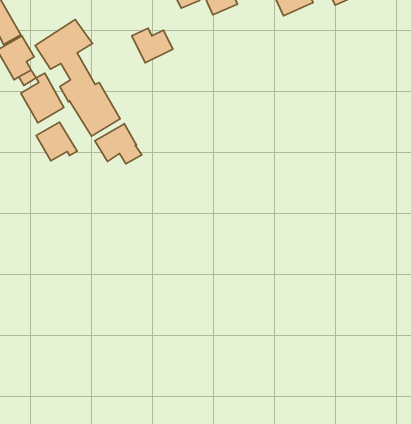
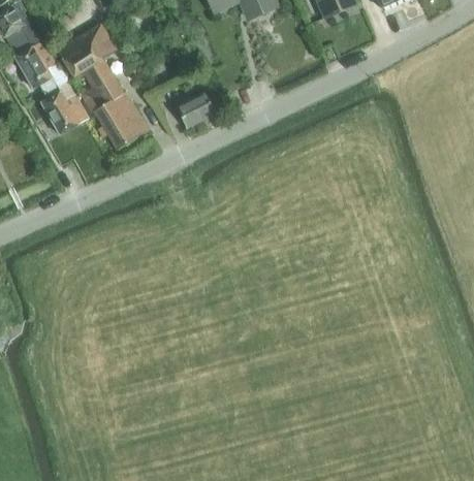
building: [132,28,173,63] -> [170,90,215,127]
building: [36,122,77,161] -> none
building: [95,123,142,164] -> none

